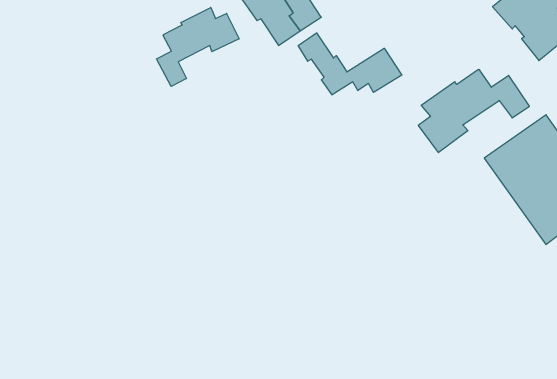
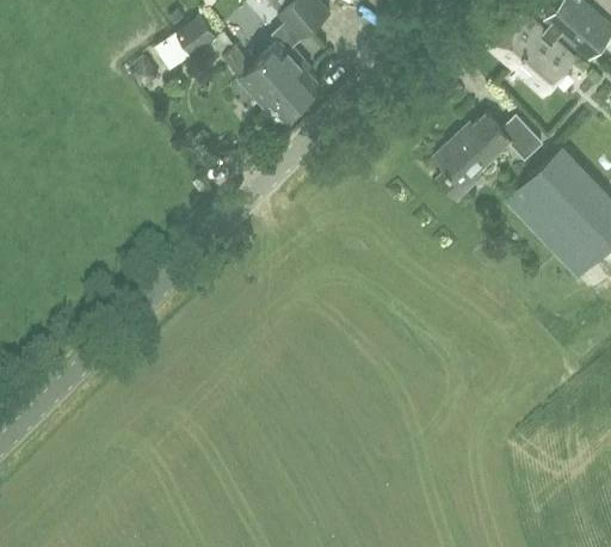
building: [156,7,239,86] -> none
building: [298,33,402,95] -> none

